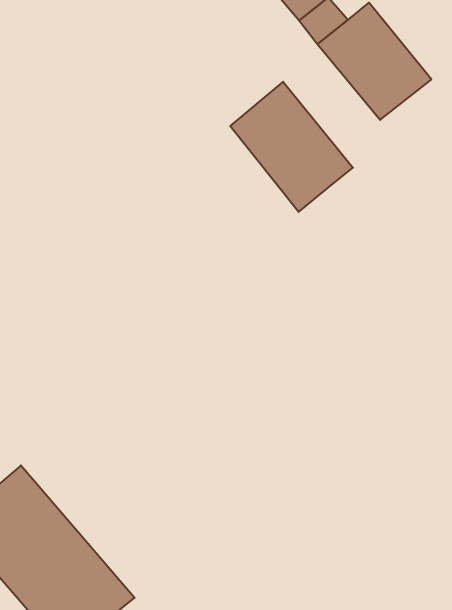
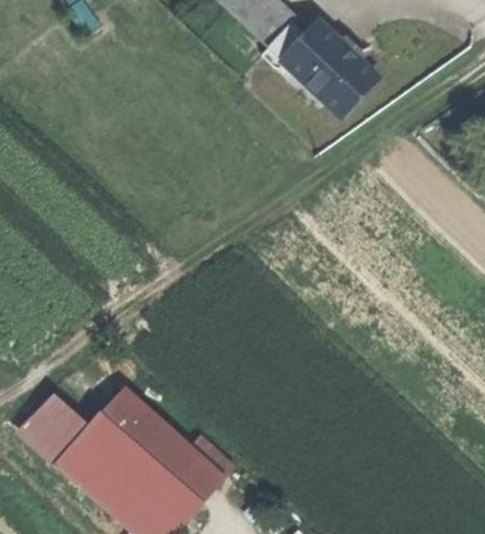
building: [230,82,353,212] -> none
building: none -> [101,386,223,501]

